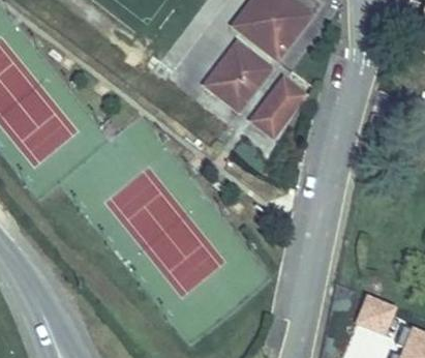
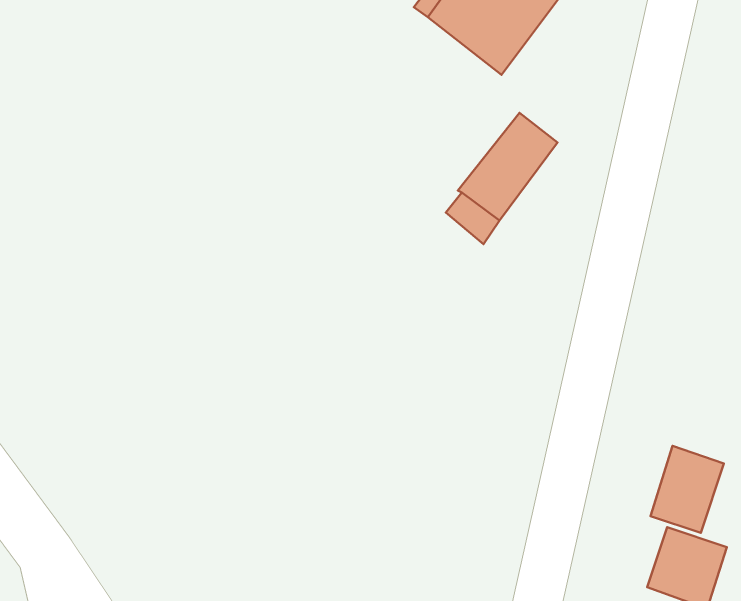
building: [207,42,269,106] -> none
building: none -> [651,446,724,533]

